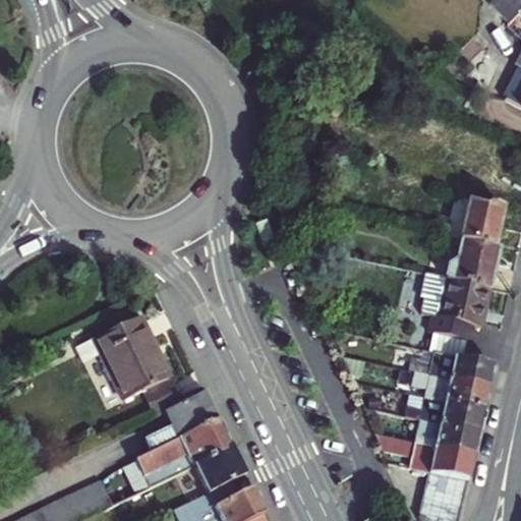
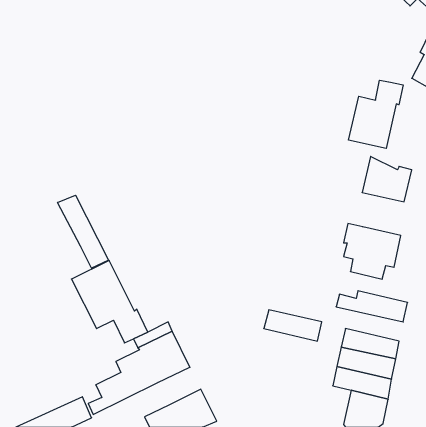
building: none -> [349,80,403,148]
building: none -> [58,195,108,268]
building: [444,237,499,285] -> none
building: [422,375,493,413] -> [264,310,322,341]
building: [195,445,247,490] -> none

